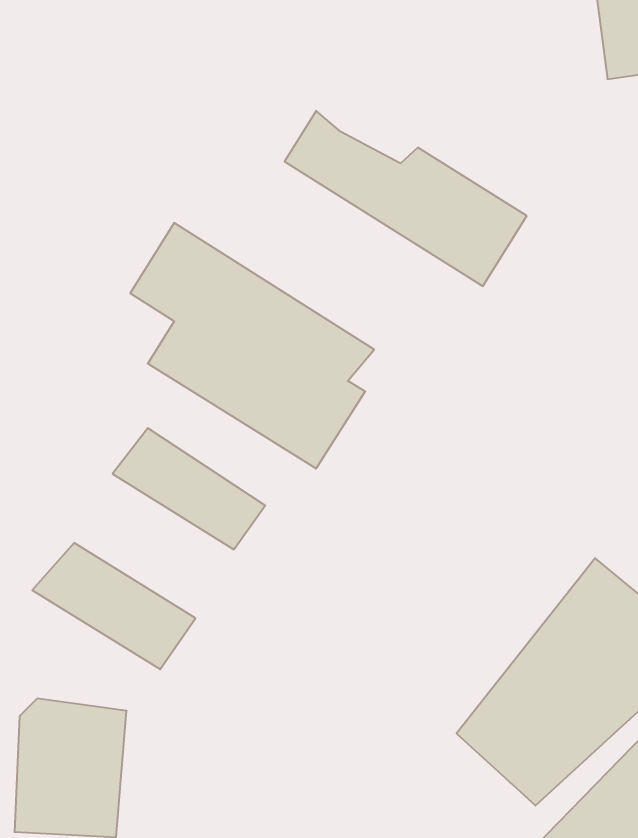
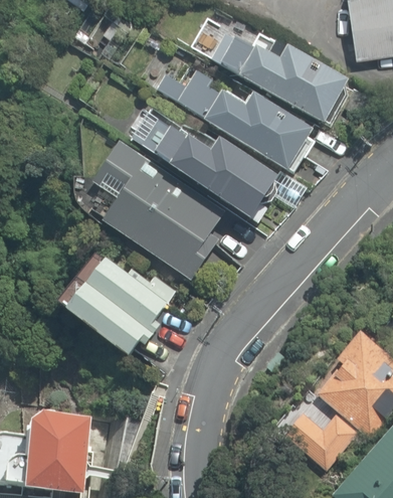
building: none -> [217,39,355,127]
building: none -> [137,109,283,216]
building: [32,543,195,669] -> [57,283,151,355]

